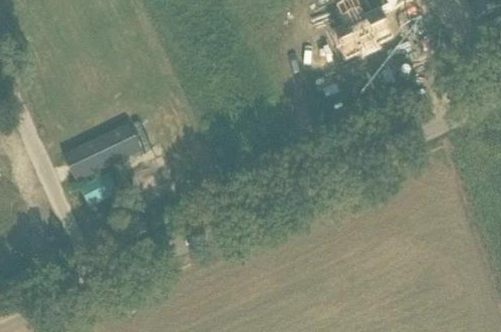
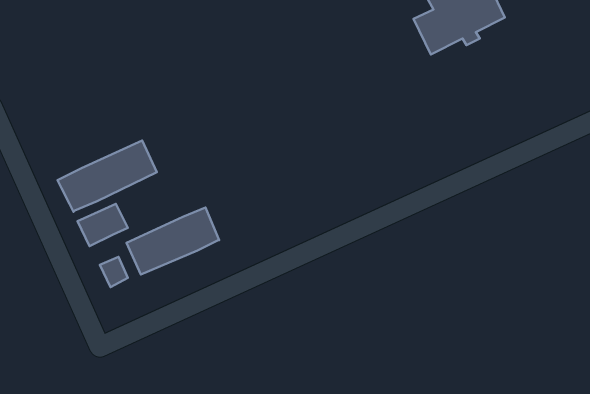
building: none -> [126,207,219,275]

